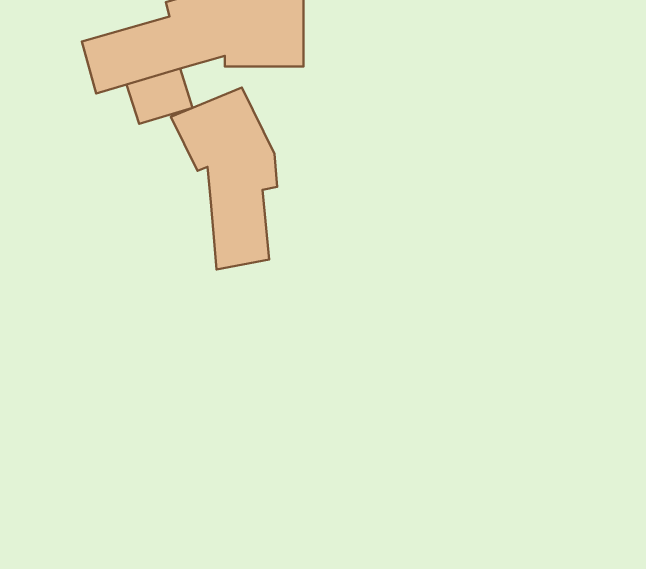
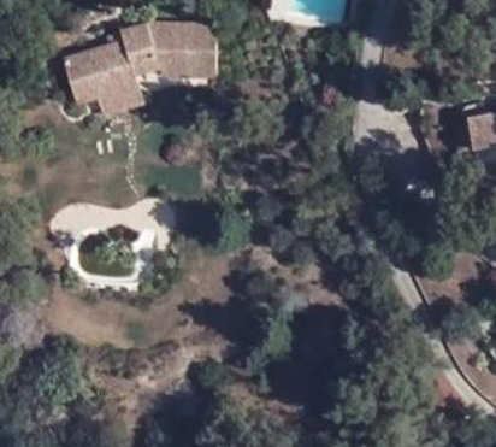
building: [171,88,277,269] -> none

